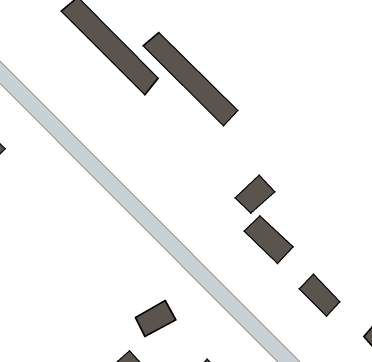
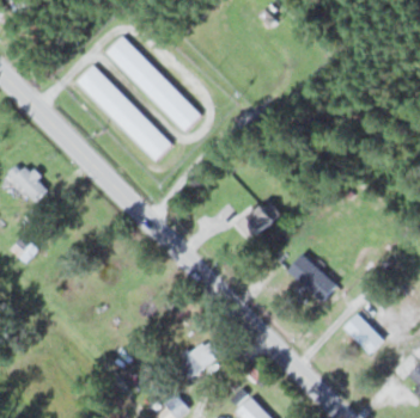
building: [143,33,238,126] -> [78,67,172,160]
building: [235,175,275,213] -> [235,202,274,240]

